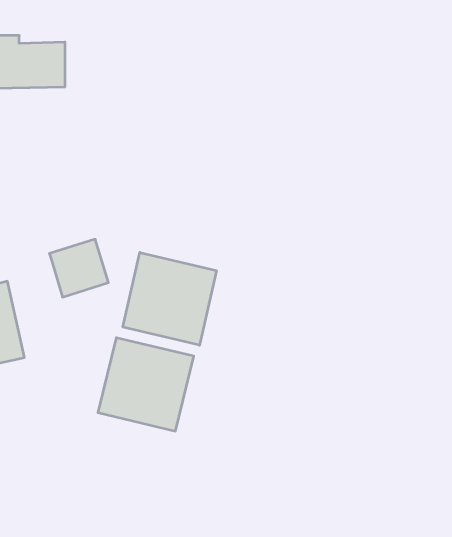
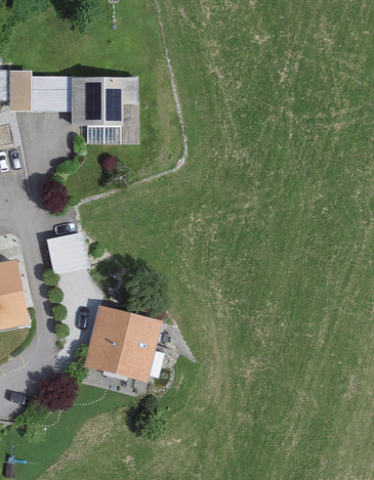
building: none -> [75,77,136,148]
building: [123,252,216,345] -> none

